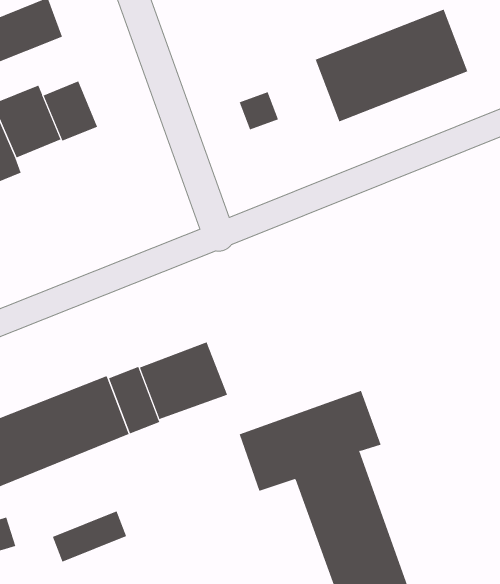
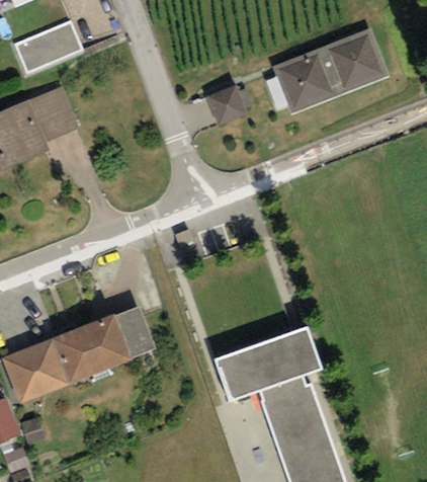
building: [43,81,98,142] -> none
building: [139,341,228,420] -> none
building: [52,511,127,562] -> none

